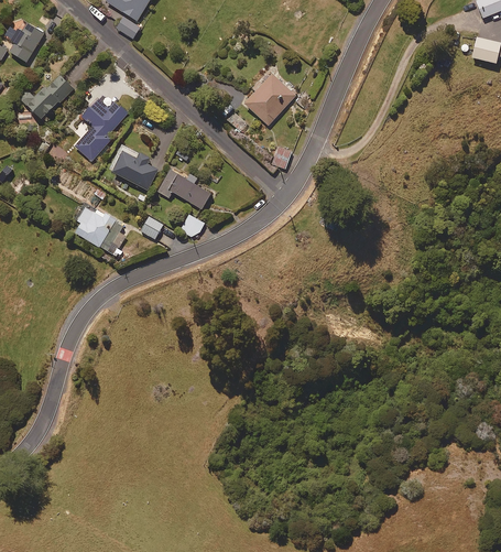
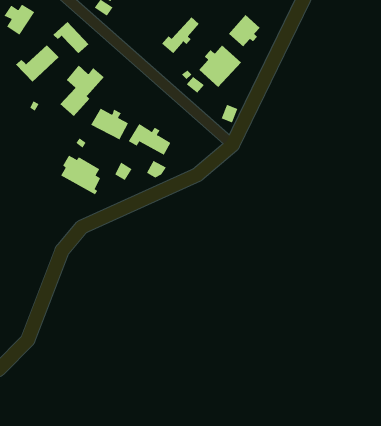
building: none -> [228,14,260,47]
building: none -> [161,17,200,54]
building: none -> [53,21,90,54]

